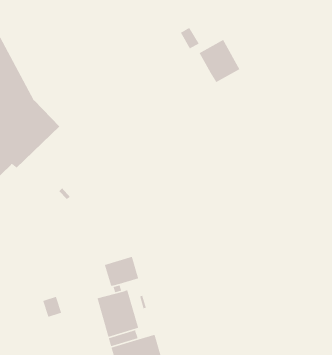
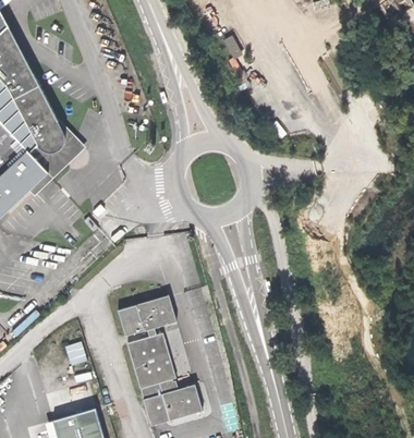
building: [199,39,240,83] -> none
building: none -> [118,305,143,336]

